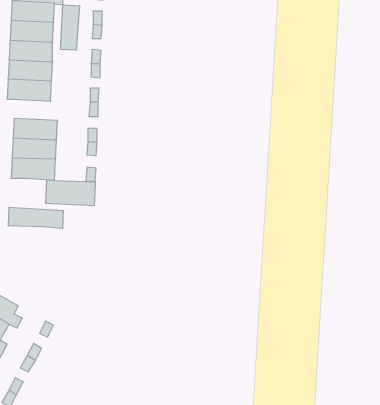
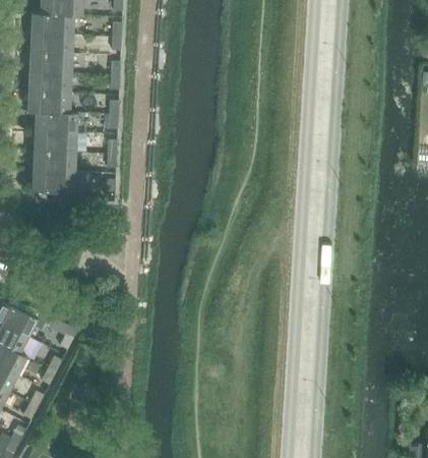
building: [60,5,79,50] -> none
building: none -> [33,112,76,133]
building: [46,180,95,206] -> none
building: [8,207,63,229] -> none

